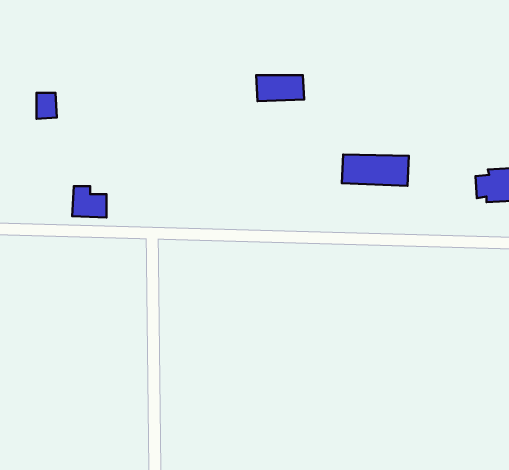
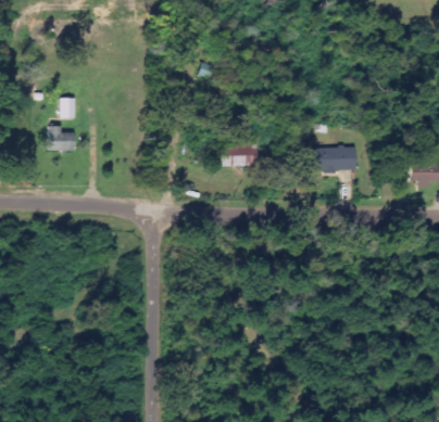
building: [256,75,304,101] -> [221,145,259,166]
building: [72,186,106,217] -> [48,126,75,151]

